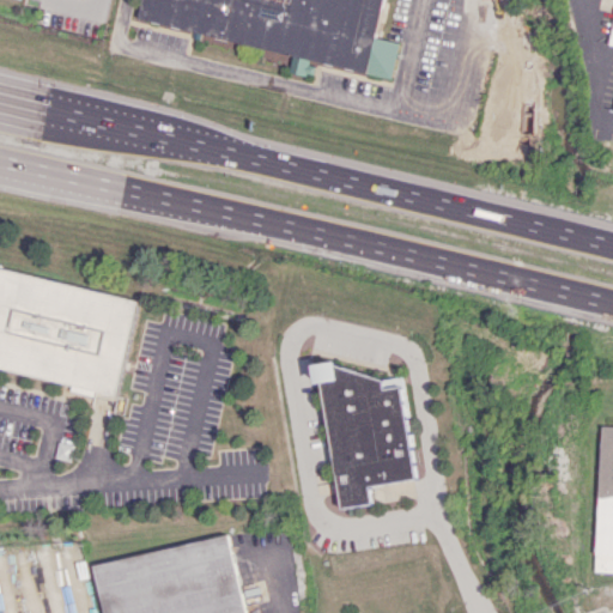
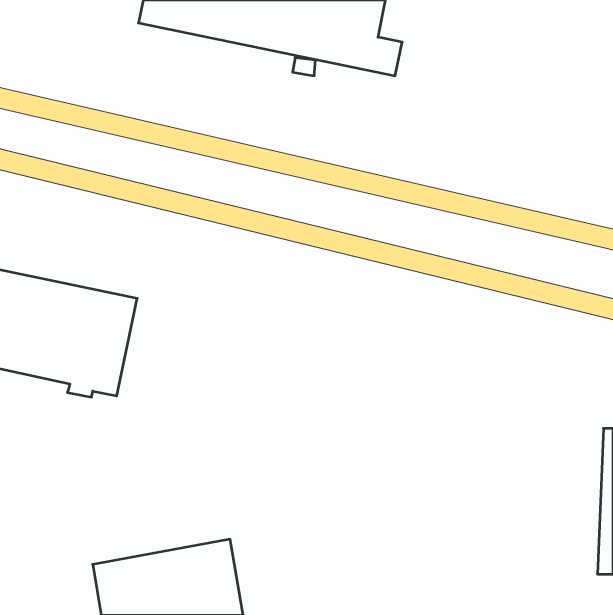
building: [311,360,414,508] -> none

